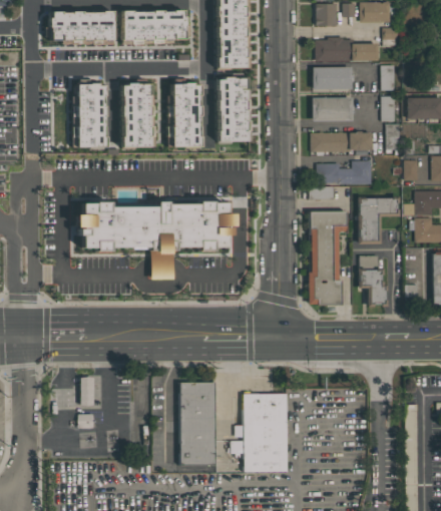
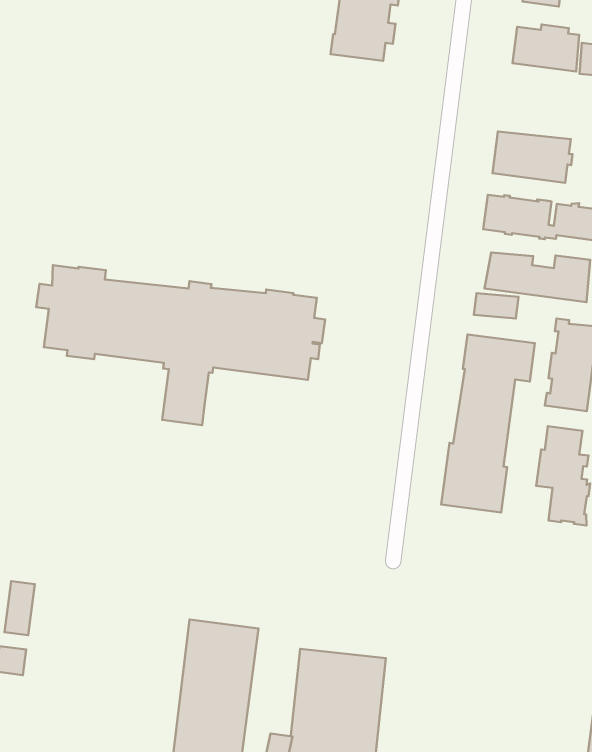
building: [313,67,355,89] -> none
building: [216,77,252,142] -> none
building: [121,78,154,148] -> none
building: [167,78,200,148] -> none
building: [72,79,106,148] -> none

